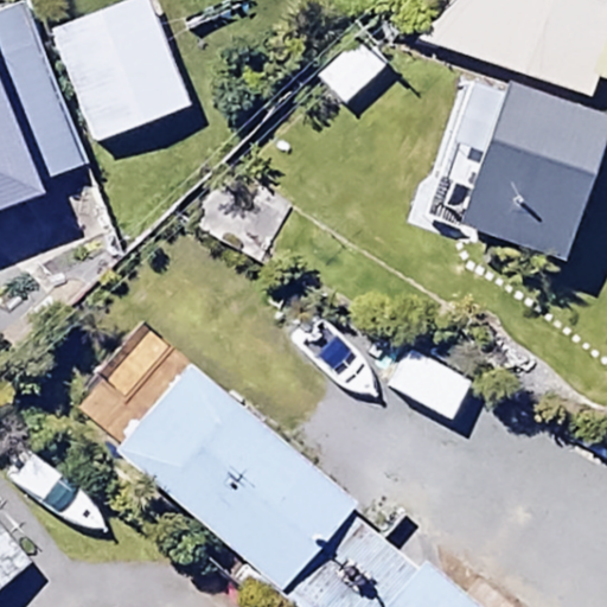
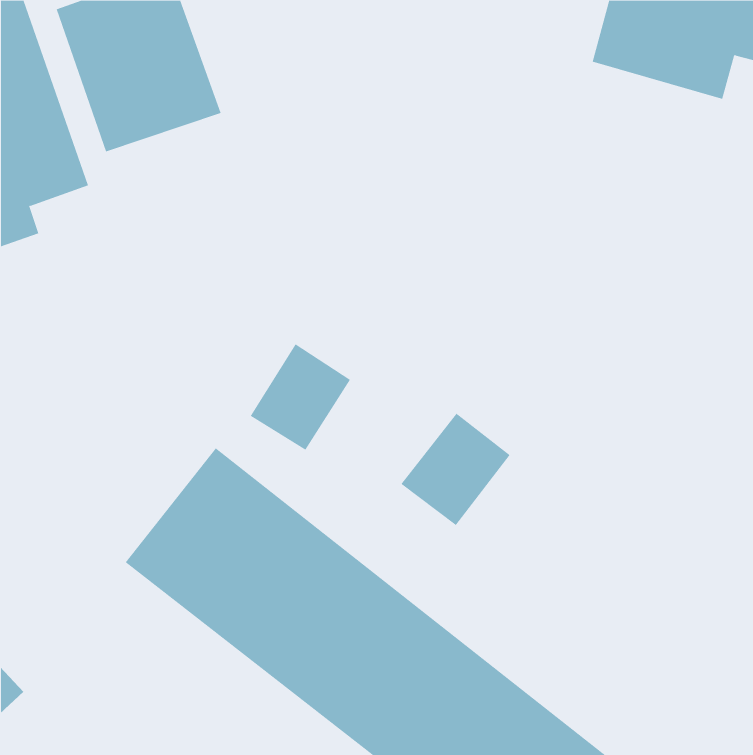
building: [448,78,599,253] -> none

